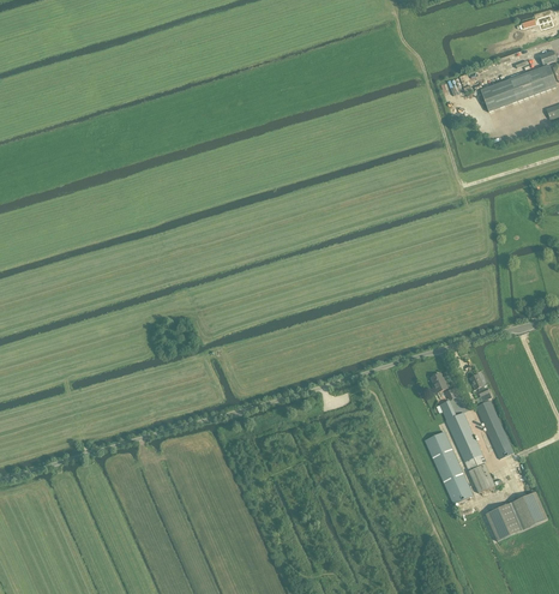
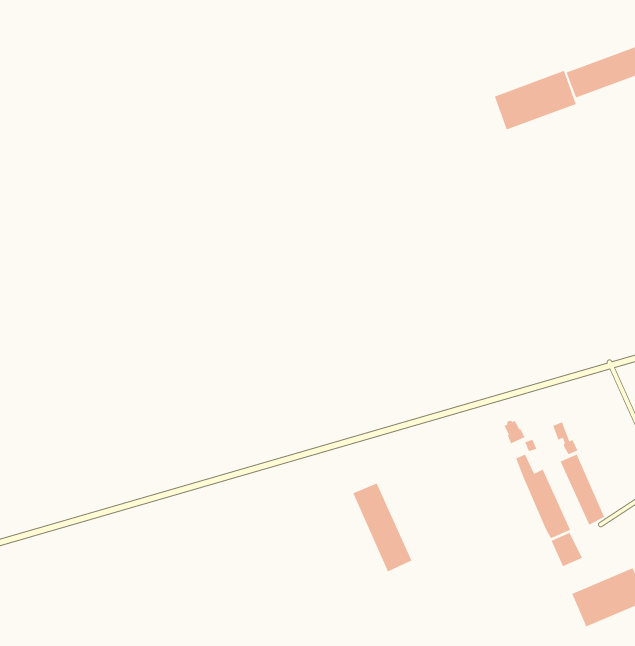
building: none -> [494,70,577,131]
building: [423,431,473,504] -> [352,483,412,573]

